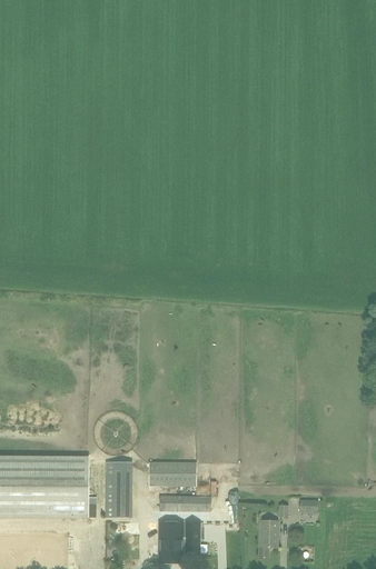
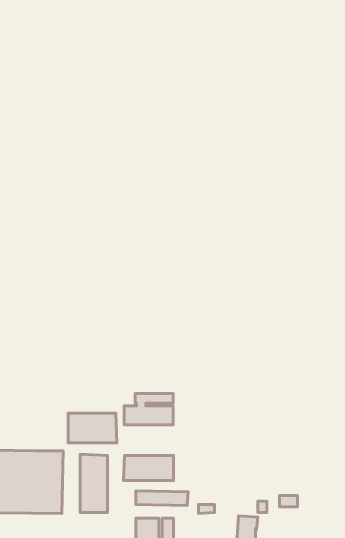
building: none -> [124,394,173,425]
building: none -> [68,413,117,443]

